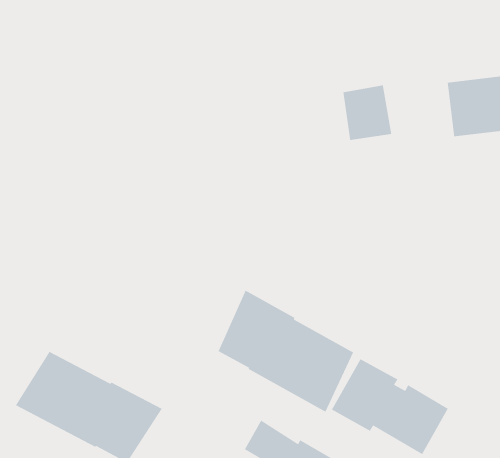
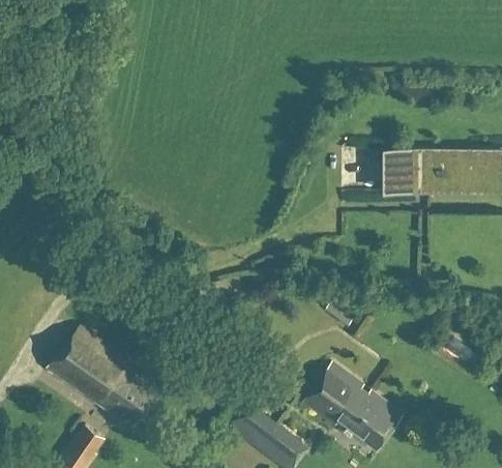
building: none -> [389,148,417,194]
building: [218,290,354,413] -> none

